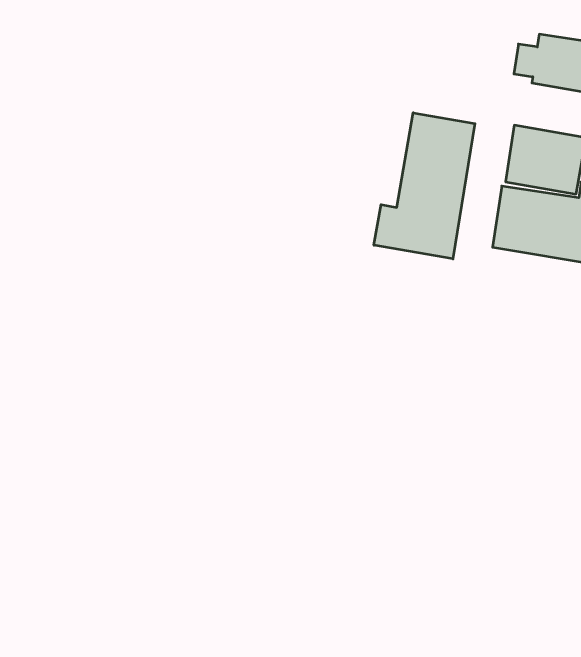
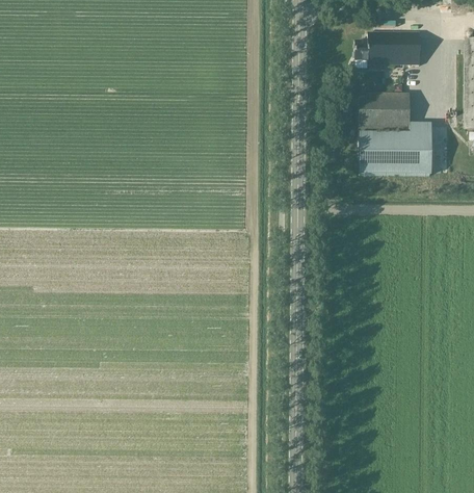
building: [374,113,475,259] -> none

